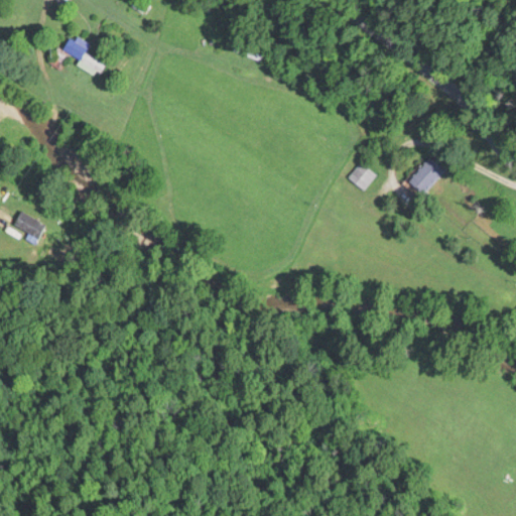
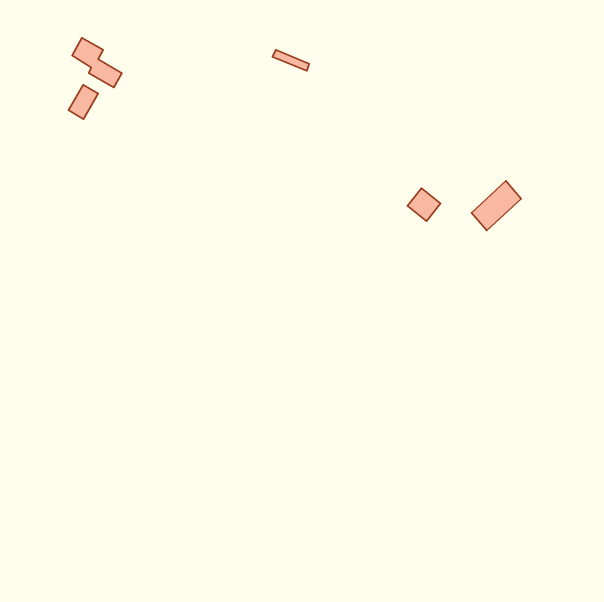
building: none -> [69,85,98,119]
building: [11,211,46,242] -> none

